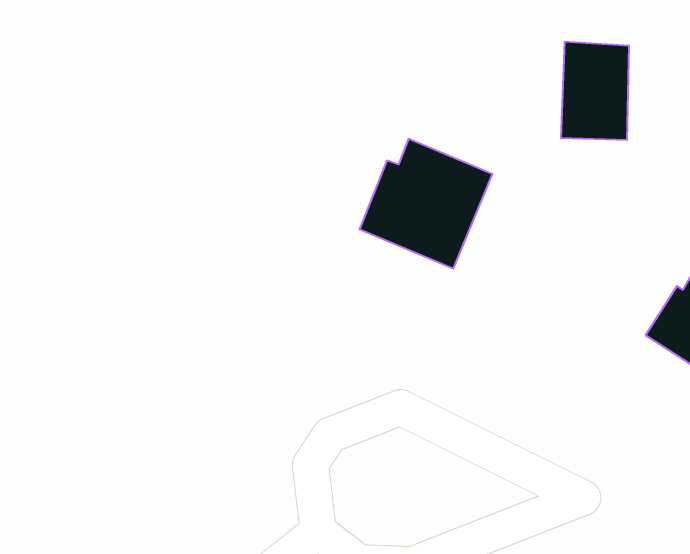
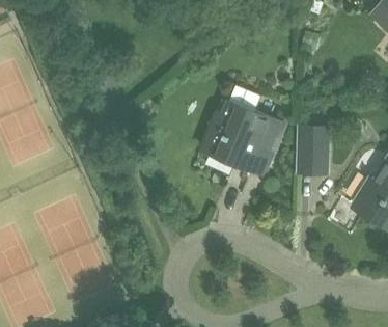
building: [561,42,629,140] -> [297,122,333,174]

